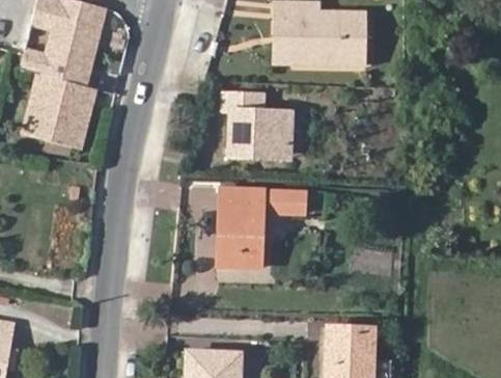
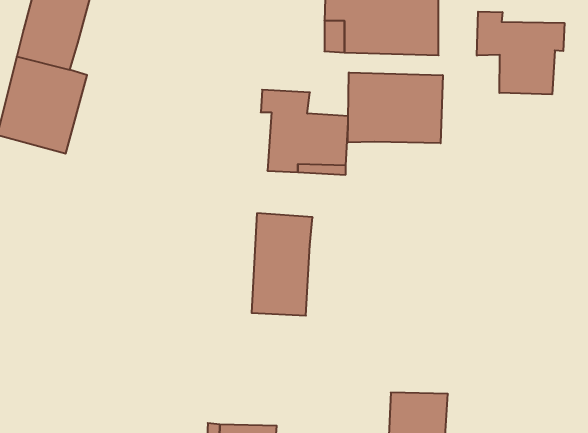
building: none -> [477,12,564,94]
building: none -> [348,72,443,143]
building: [266,193,308,217] -> none

